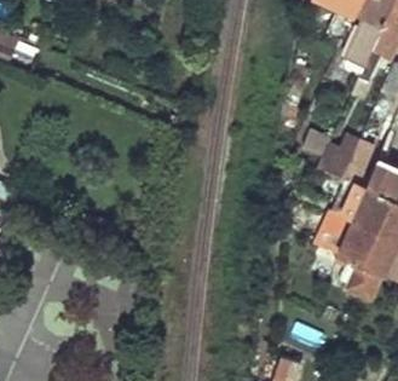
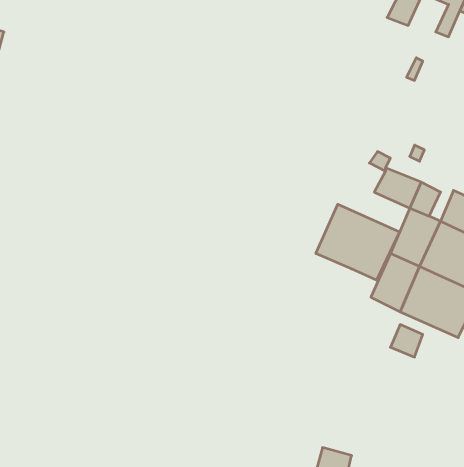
building: none -> [316,204,400,280]

